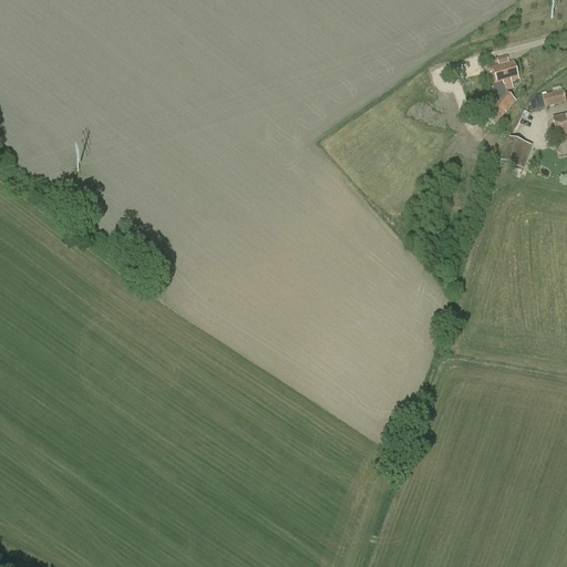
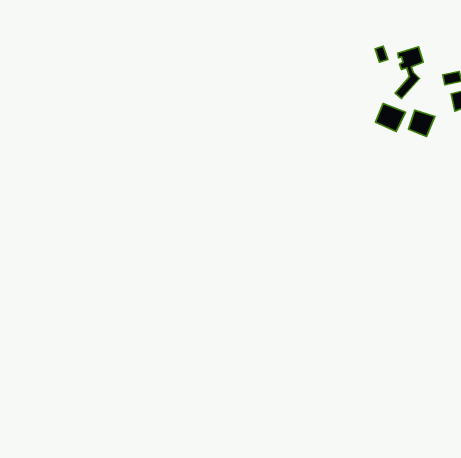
building: none -> [376,103,406,132]

